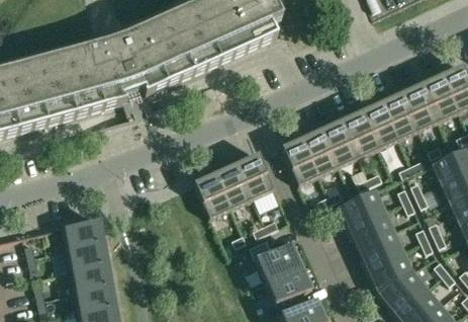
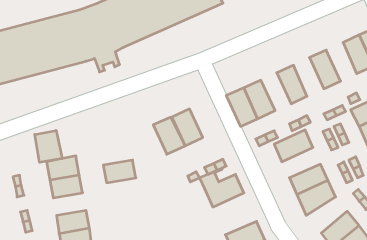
building: [400,82,437,129] -> none
building: [361,100,397,147] -> none
building: [321,118,358,164] -> none
building: [236,152,273,196] -> none
building: none -> [35,130,62,162]
building: [347,209,393,245] -> none
building: [72,263,111,291] -> [103,160,136,183]
building: [264,263,316,314] -> none
building: [376,268,426,312] -> none

